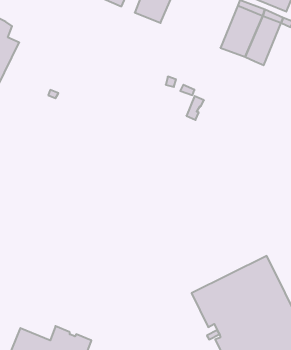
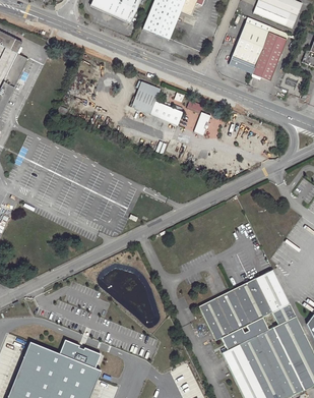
building: none -> [132,81,183,124]

